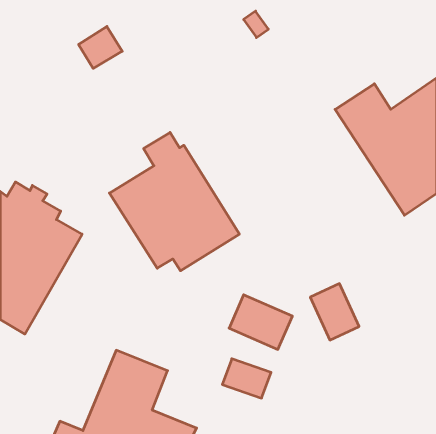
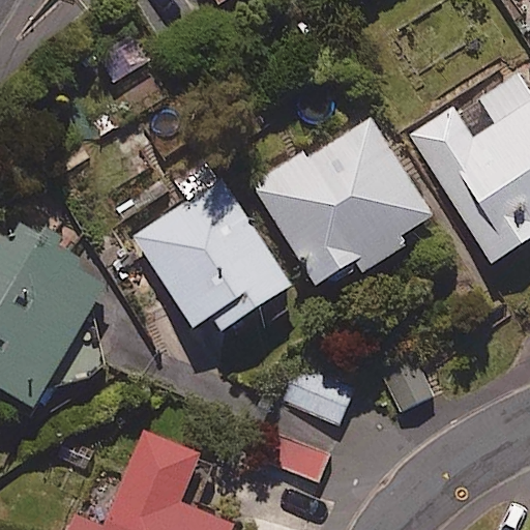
building: none -> [248,118,432,286]

